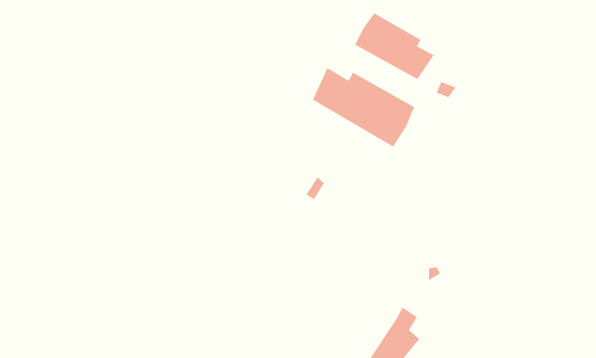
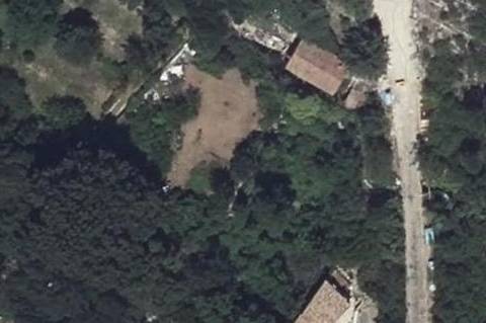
building: [312,67,415,147] -> none

